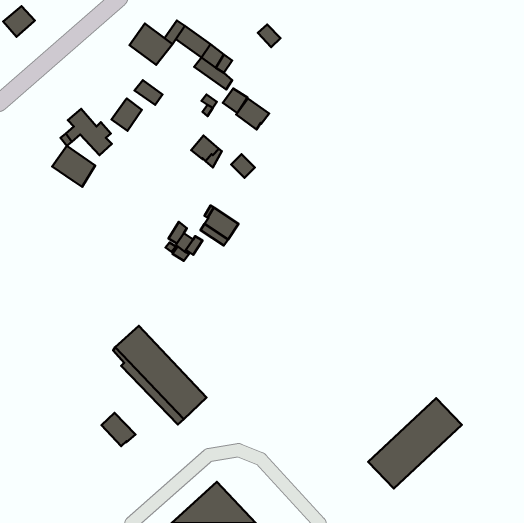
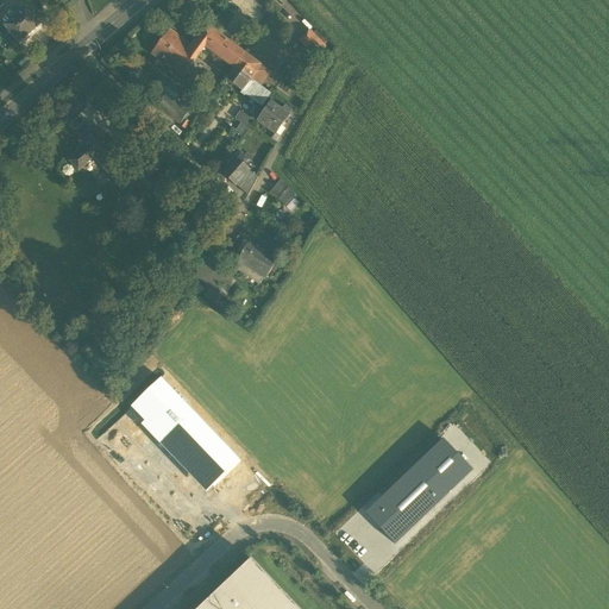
building: [236,98,269,129] -> none
building: [112,98,142,131] -> none
building: [52,146,95,187] -> none
building: [368,398,462,489] -> [364,438,472,542]
building: [102,413,135,446] -> none

